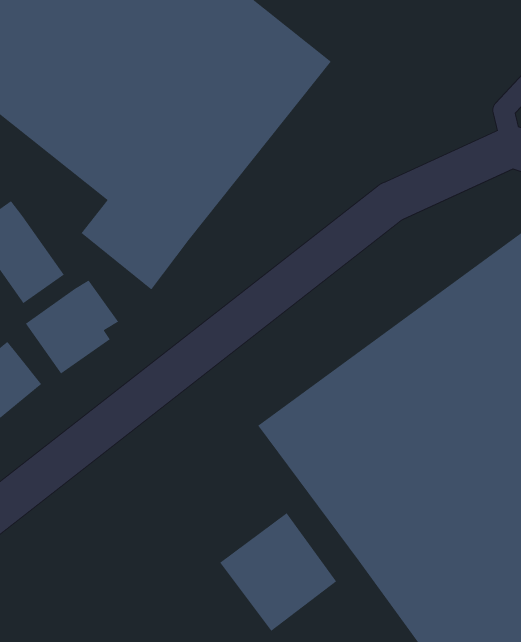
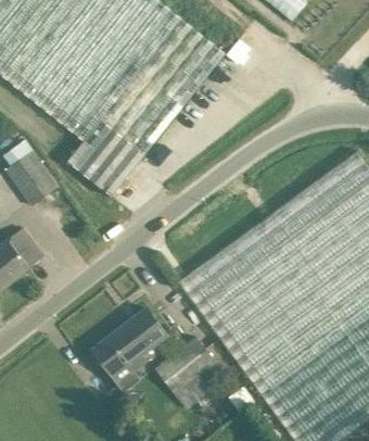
building: [25,279,119,375] -> none
building: none -> [91,307,167,376]

